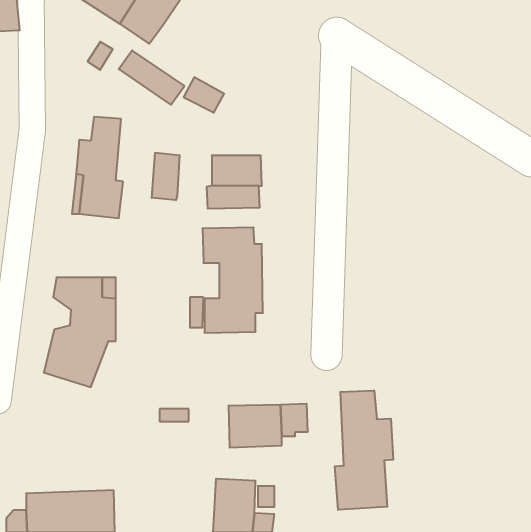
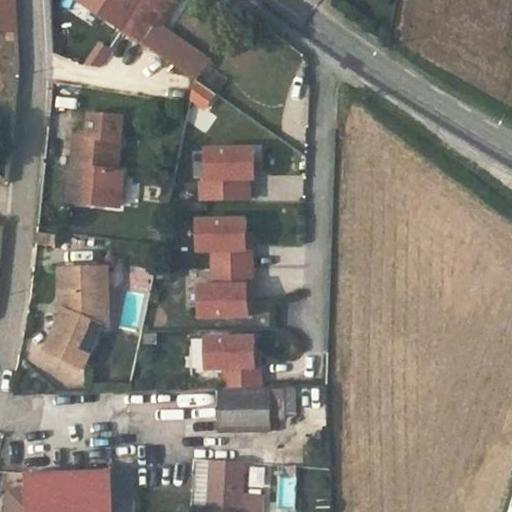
building: [119,50,184,105] -> [143,24,206,76]
building: [152,153,179,200] -> none
building: none -> [202,337,260,387]
building: [335,390,393,510] -> none

